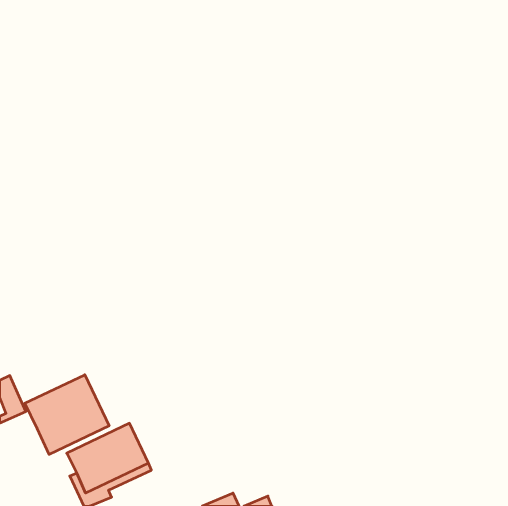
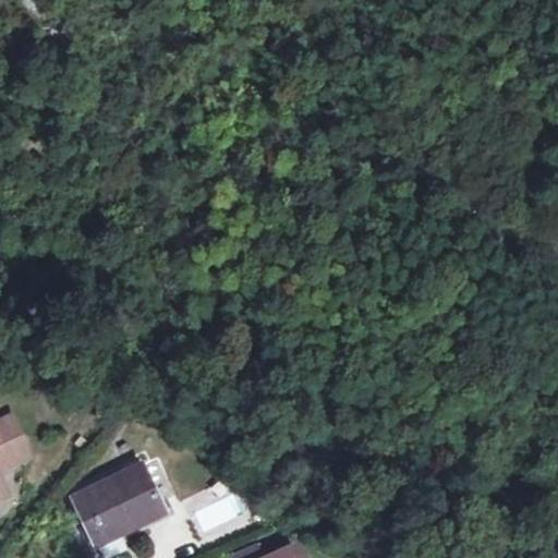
building: [25,375,109,454] -> none

